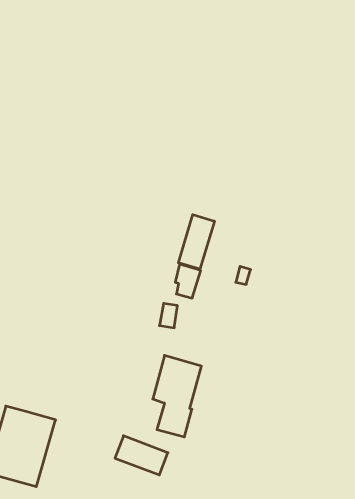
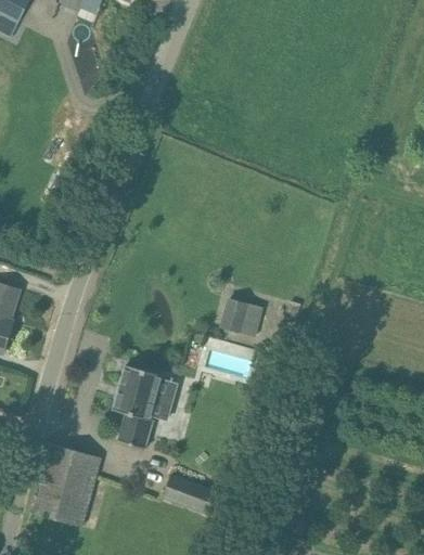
building: [178,215,214,269] -> none
building: [153,355,201,437] -> [113,365,163,449]

